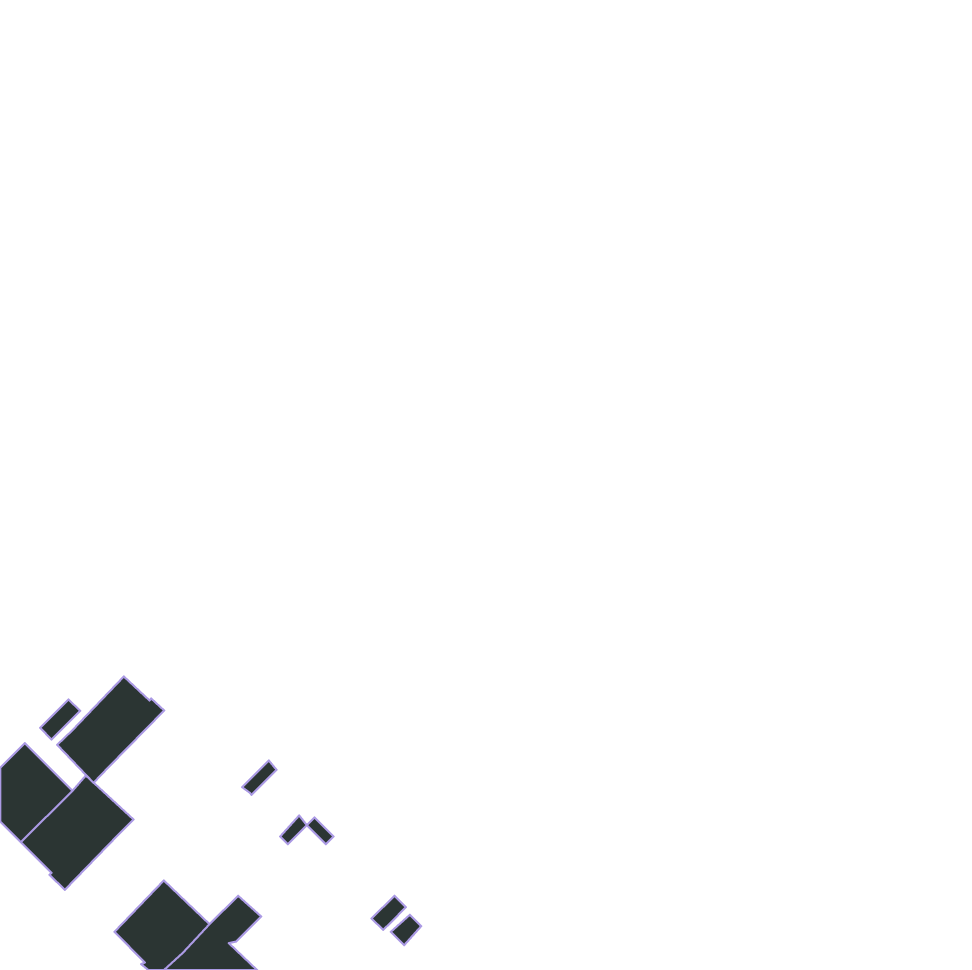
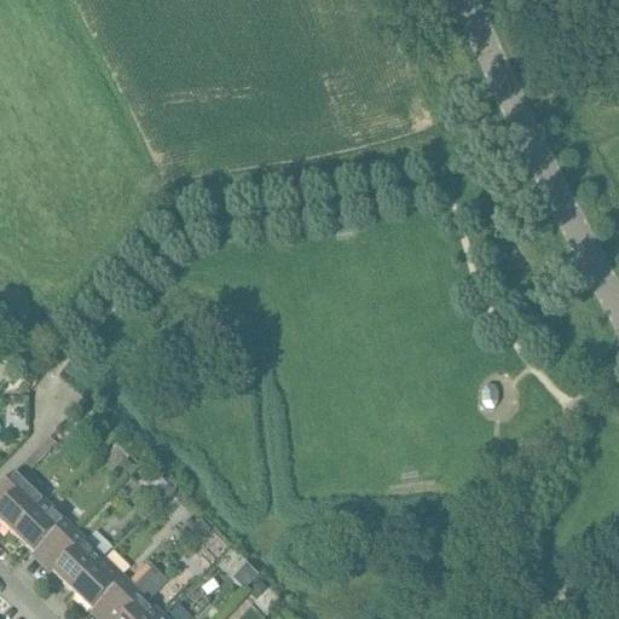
building: [57,676,164,783] -> none
building: none -> [42,530,105,591]

